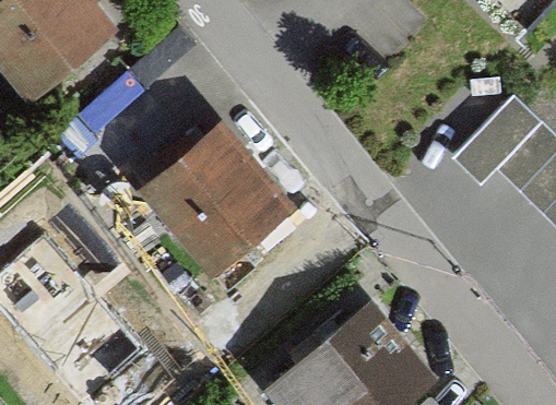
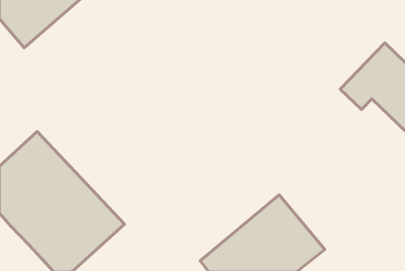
building: [138,119,296,276] -> none

